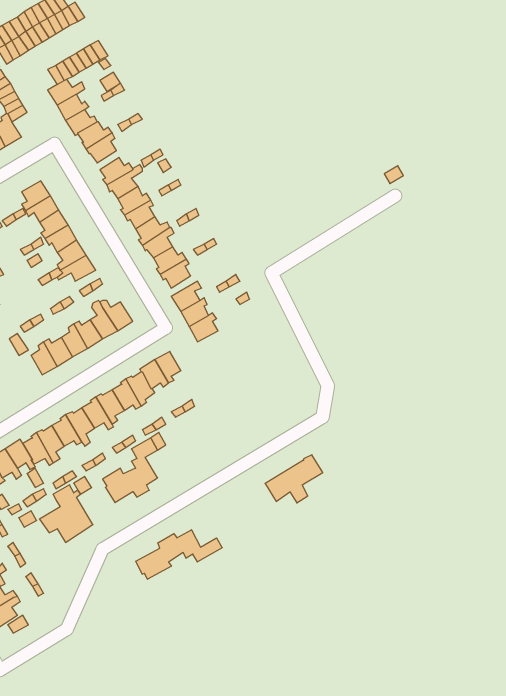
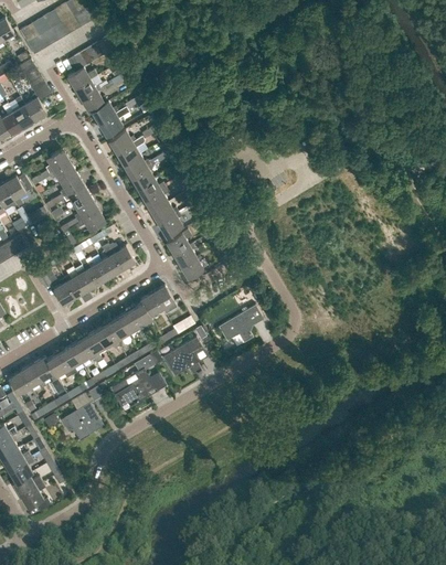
building: none -> [162,337,201,375]
building: [265,455,323,503] -> [216,303,263,342]
building: [136,530,222,579] -> none

